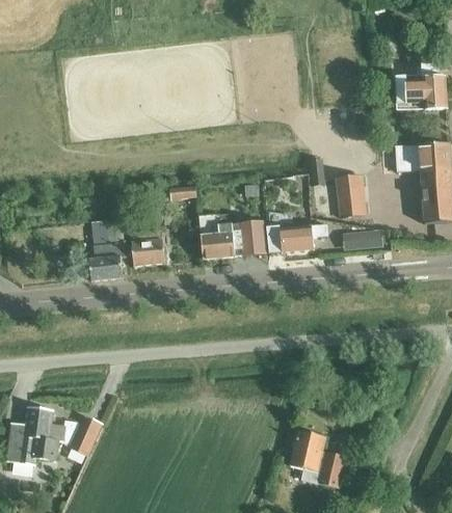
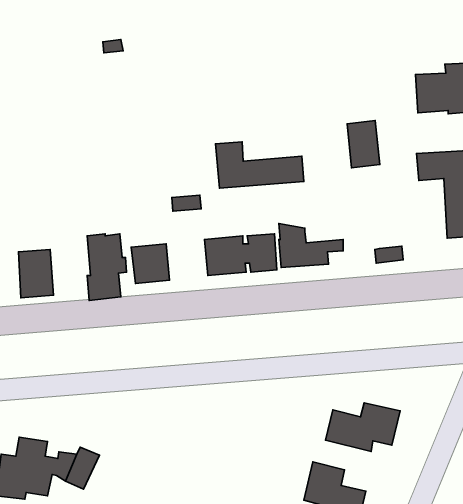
building: none -> [216,142,304,188]
building: [335,174,365,218] -> [347,120,380,168]
building: none -> [18,249,54,298]
building: none -> [326,403,400,451]

